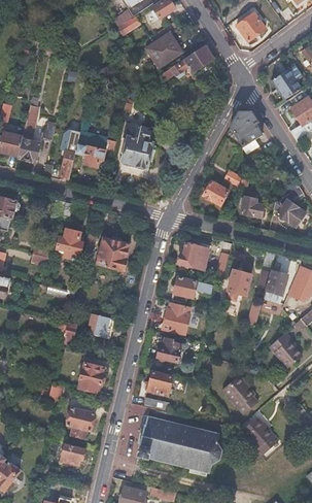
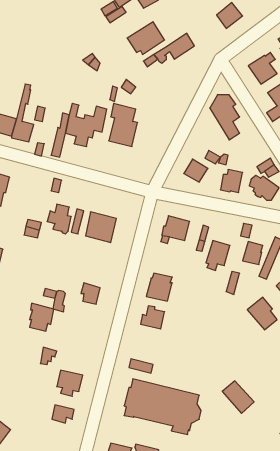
building: [171,276,209,303] -> none
building: [78,361,104,391] -> [30,303,54,331]
building: [147,371,172,394] -> none
building: [222,375,257,413] -> none

